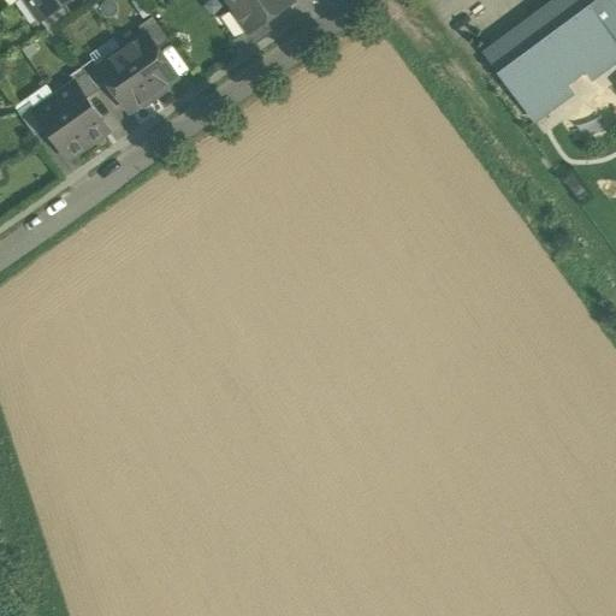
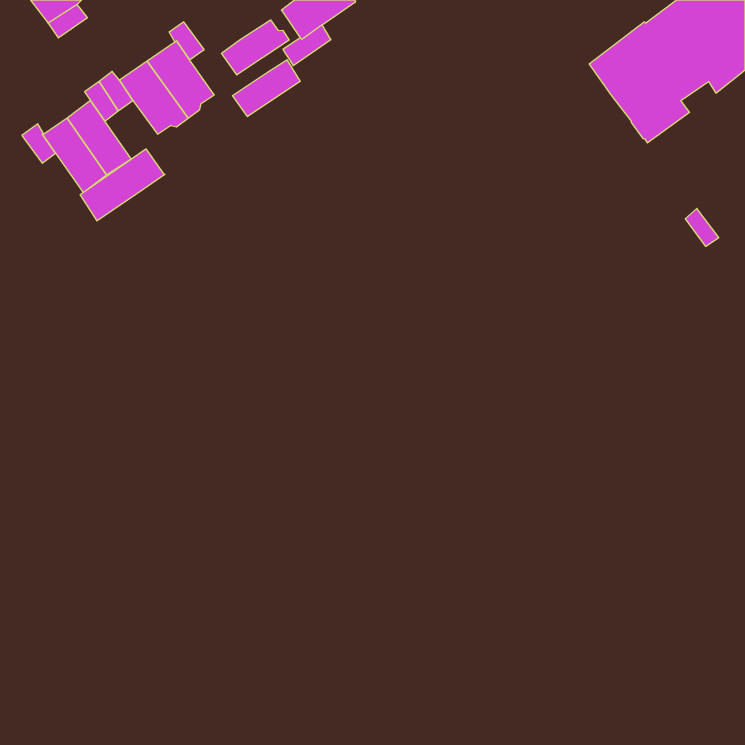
building: none -> [222,20,289,75]
building: none -> [233,60,300,117]
building: none -> [80,149,165,221]

